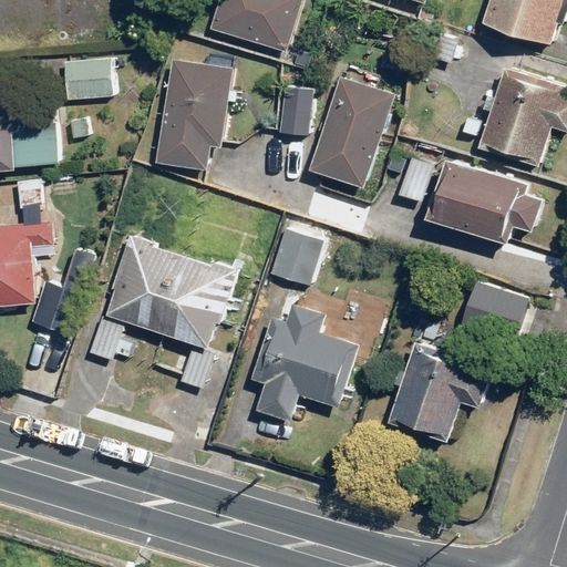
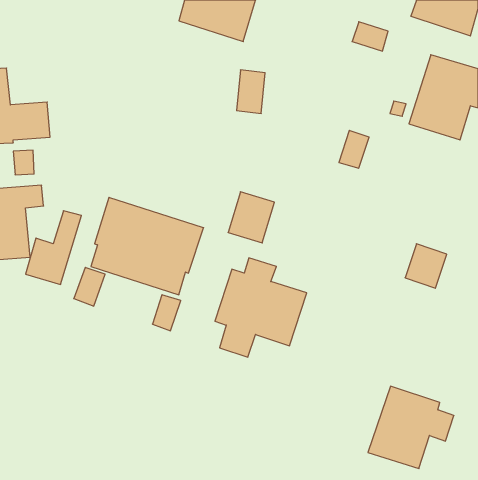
building: [62,58,112,100] -> none
building: [156,59,231,169] -> none
building: [308,76,394,187] -> none
building: [427,158,543,245] -> none
building: [388,344,488,441] -> [368,386,454,469]

